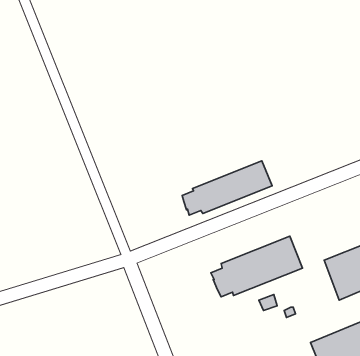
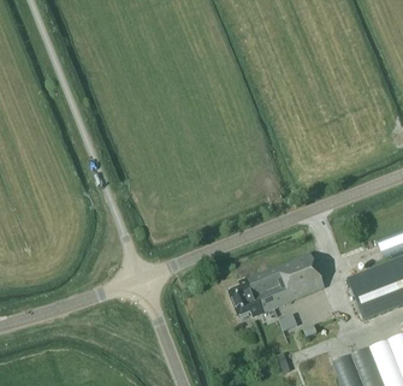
building: [182,161,272,215] -> none

